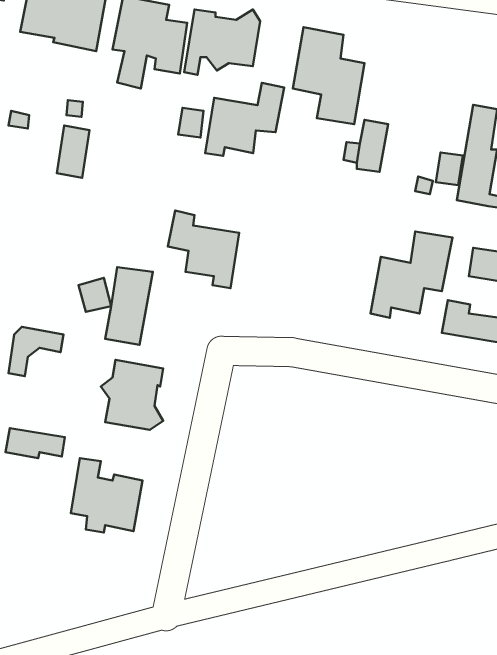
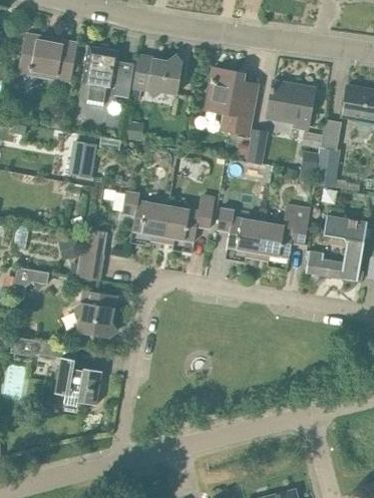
building: none -> [267,81,313,129]
building: [205,83,284,156] -> [161,195,215,244]
building: [57,126,90,178] -> [74,142,96,177]
building: none -> [217,208,263,260]

